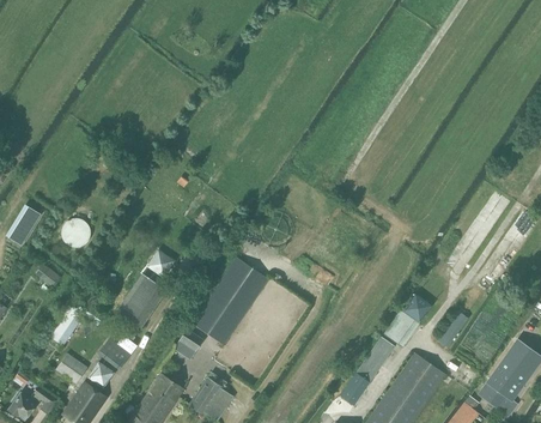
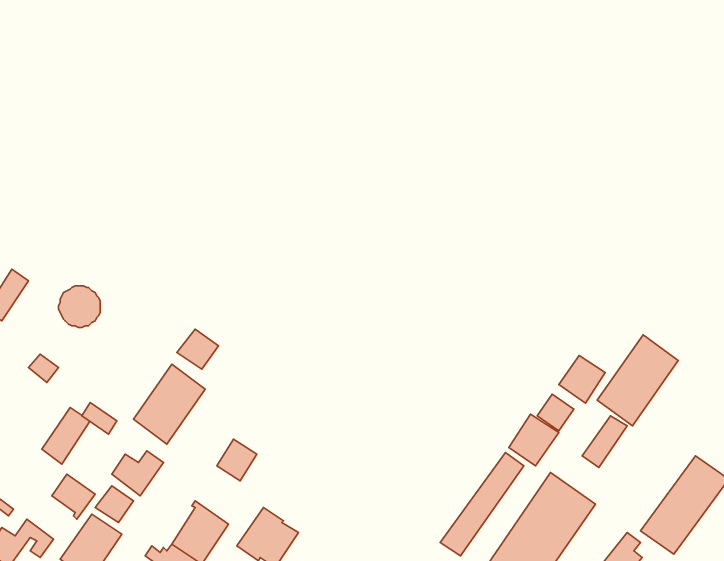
building: none -> [597,335,678,426]
building: [190,259,266,345] -> none
building: none -> [559,355,605,403]

